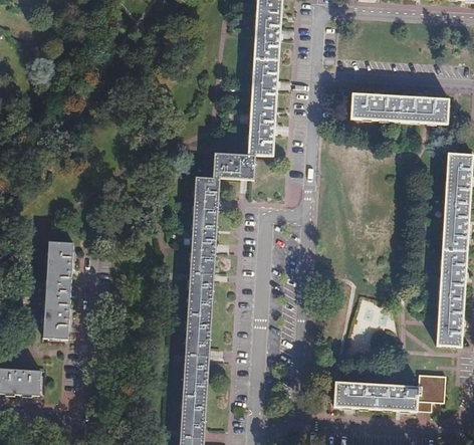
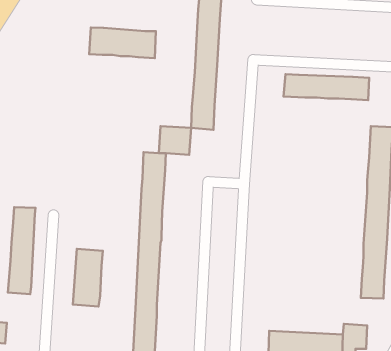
building: none -> [89,27,156,58]
building: none -> [73,249,103,306]

